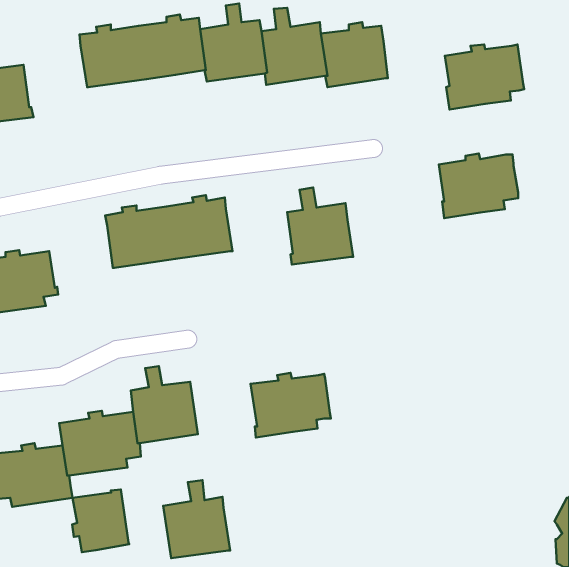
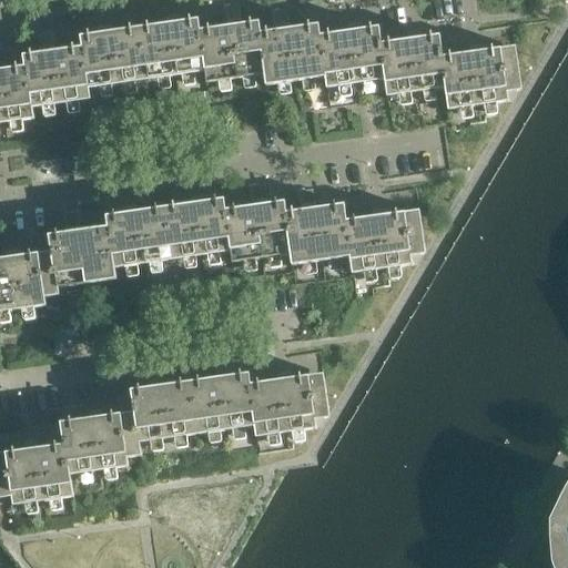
building: none -> [21,30,90,106]
building: none -> [381,30,446,94]
building: [439,153,518,218] -> [345,207,424,272]
building: none -> [224,183,291,261]
building: none -> [47,209,115,286]
building: [163,480,230,558] -> [189,354,255,432]
building: [72,489,129,552] -> none

